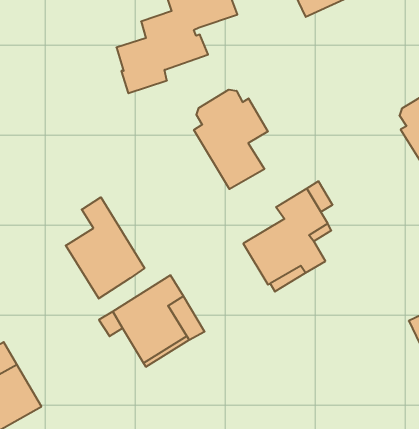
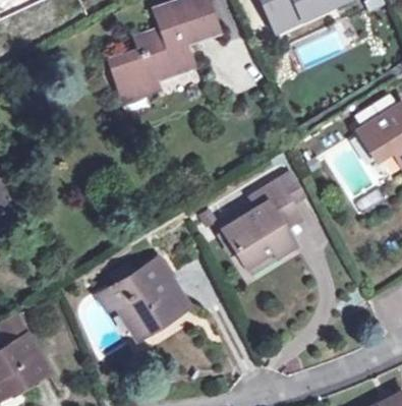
building: [194,90,268,189] -> none
building: [66,197,144,299] -> none

